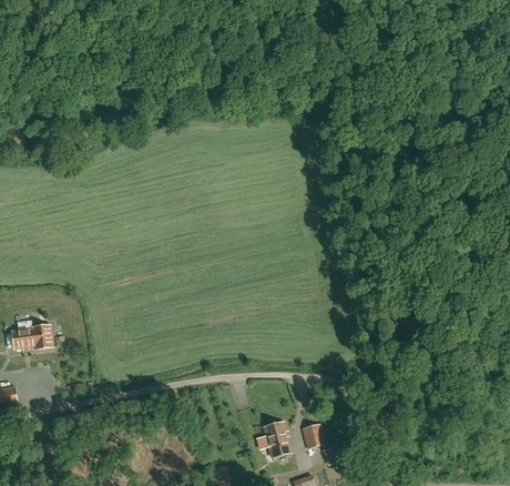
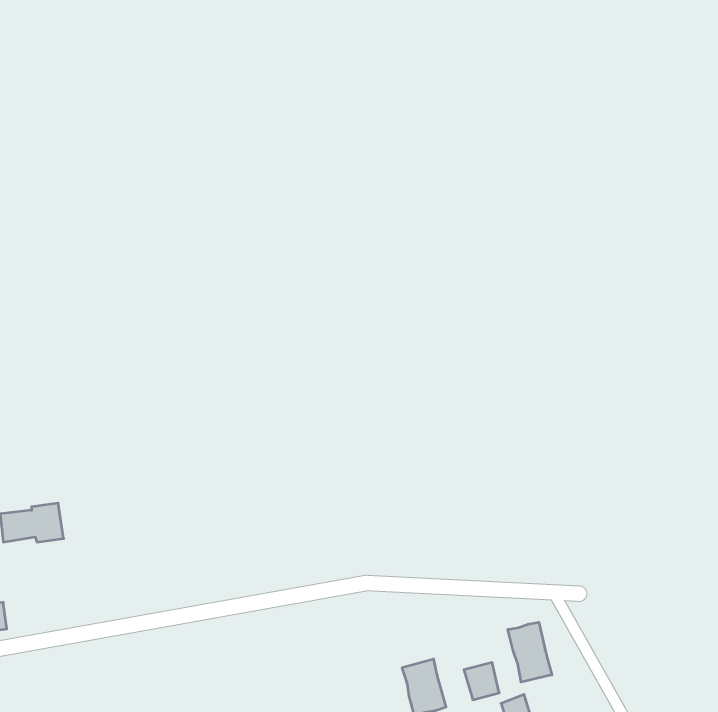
building: none -> [508,622,552,682]

